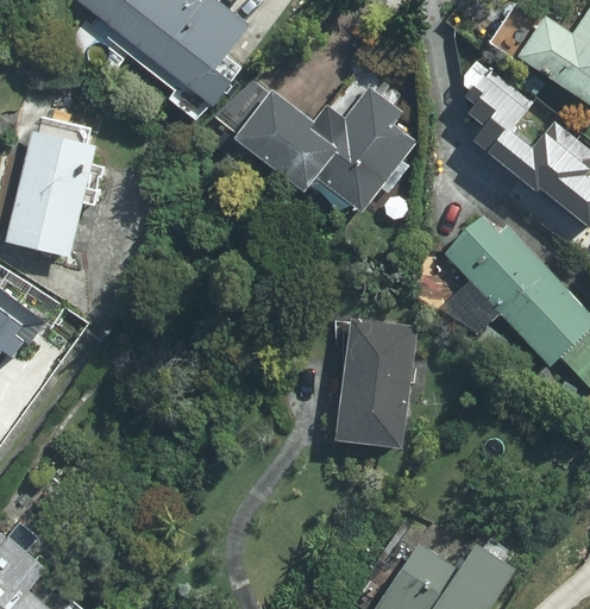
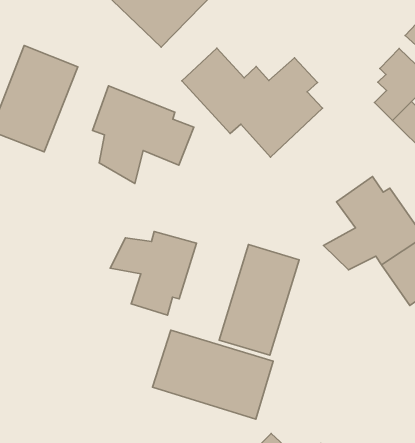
building: none -> [93,86,194,184]
building: none -> [110,231,196,315]
building: none -> [153,330,273,419]

